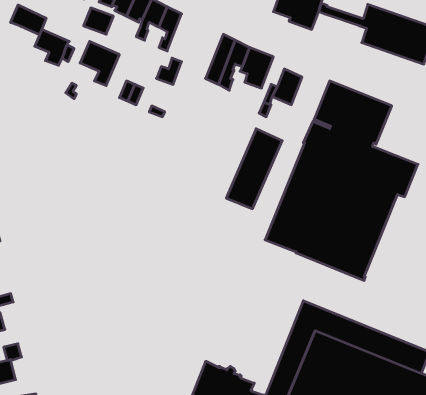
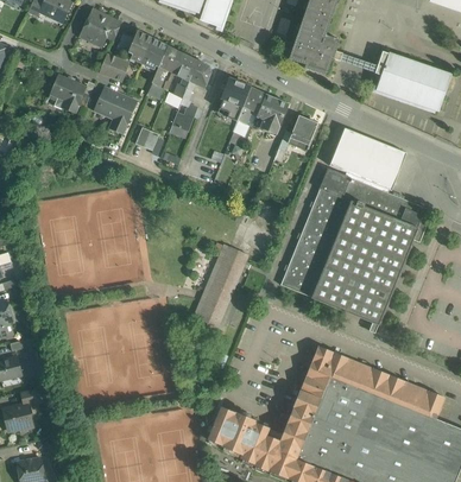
building: [11,5,46,35] -> none
building: none -> [182,61,210,102]
building: [226,129,282,209] -> [195,246,251,325]

